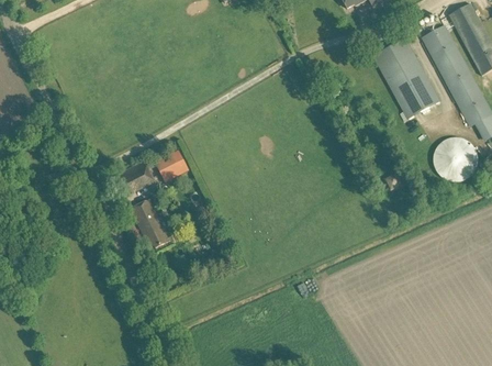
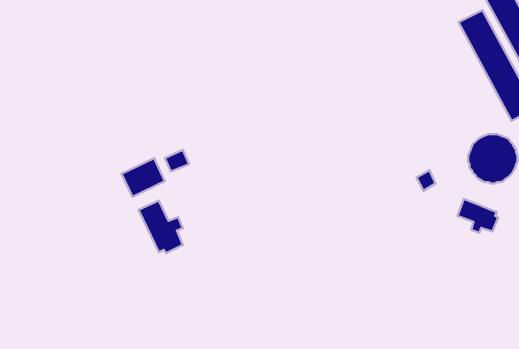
building: [374,40,440,119] -> none
building: none -> [457,199,498,233]

